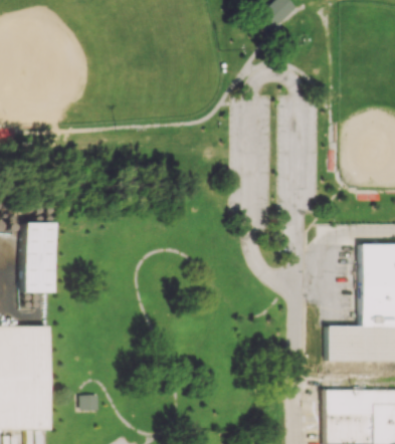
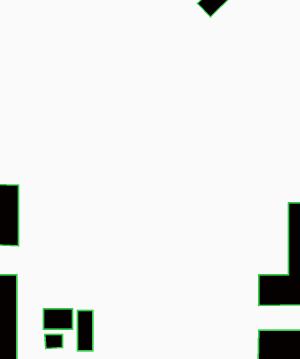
building: none -> [44,309,73,329]
building: none -> [78,310,93,351]

